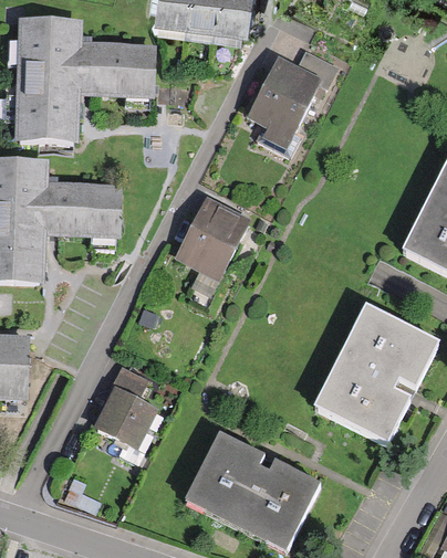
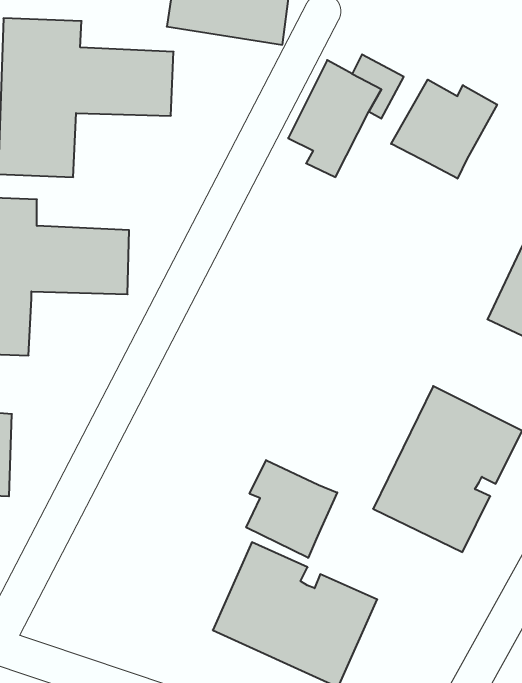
building: none -> [391,80,497,179]
building: [171,198,246,281] -> none
building: none -> [246,460,337,558]
building: [95,387,159,448] -> none

